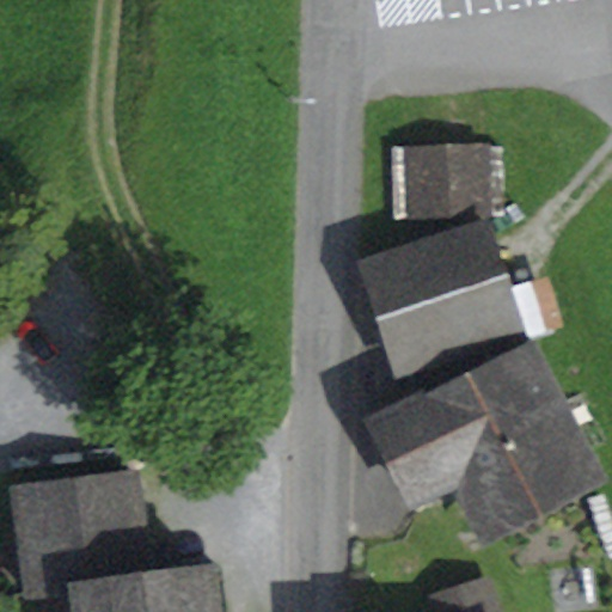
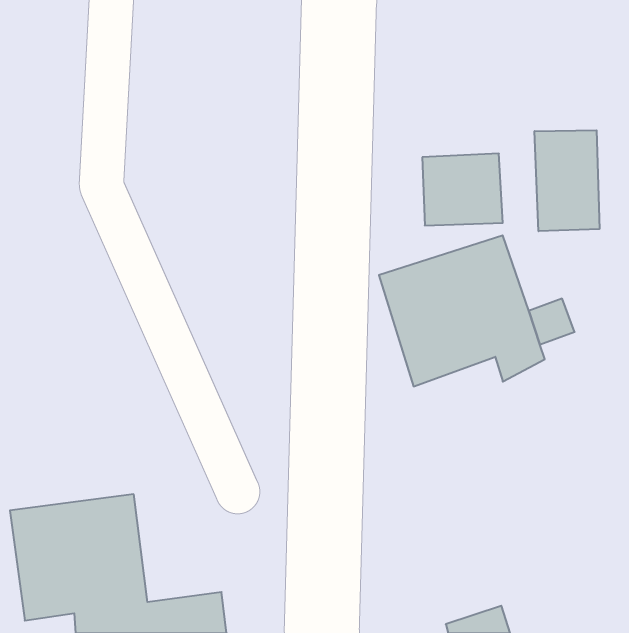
building: none -> [535,130,599,231]
building: [372,347,592,530] -> none

